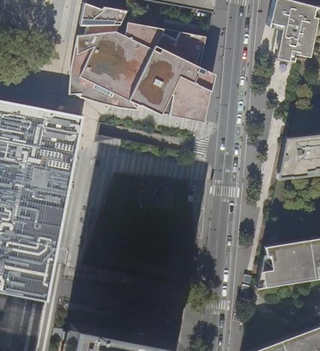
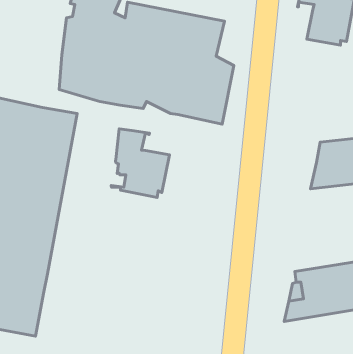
building: none -> [111,129,170,197]

